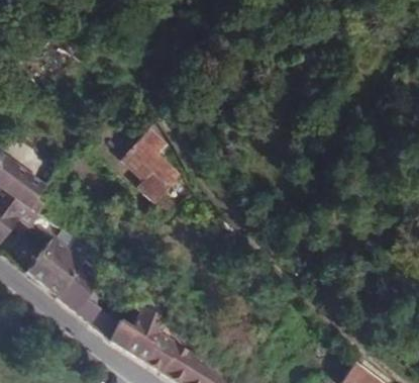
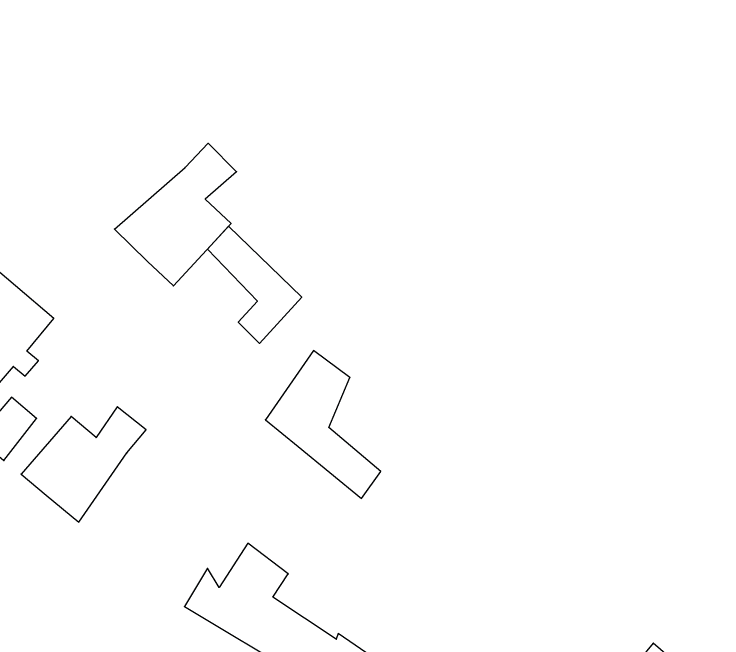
building: none -> [114,143,237,286]
building: [56,259,116,337] -> [265,351,381,498]

